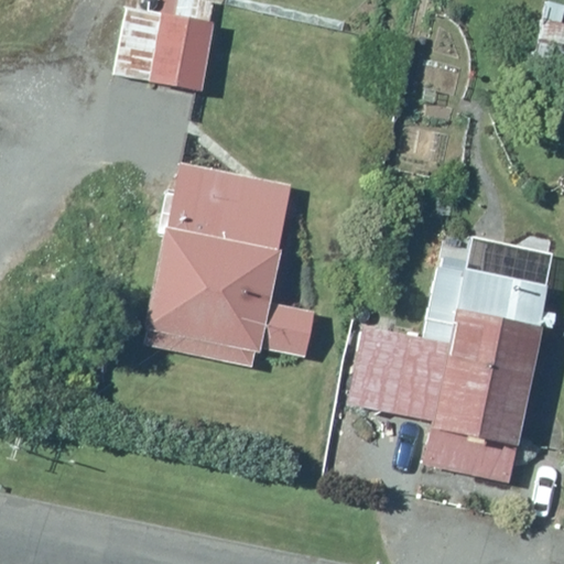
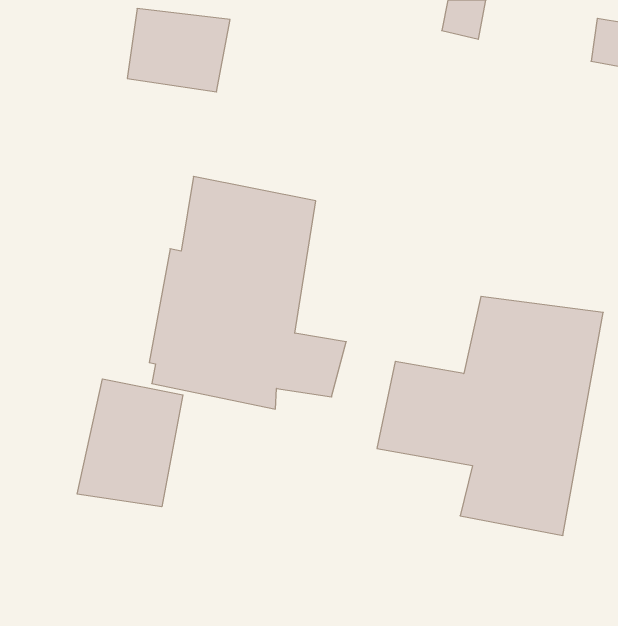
building: none -> [77,379,183,507]

